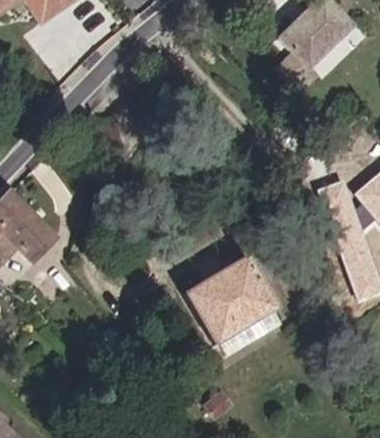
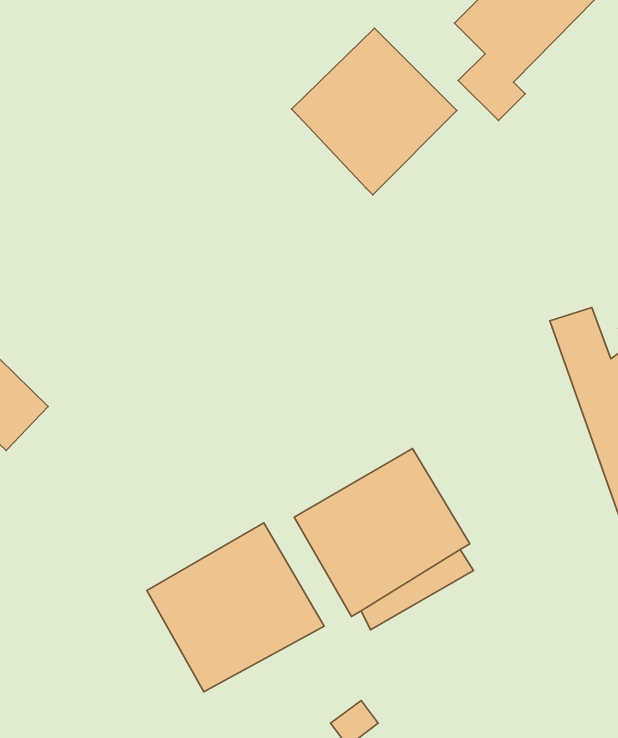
building: none -> [292,28,457,195]
building: none -> [147,523,324,692]

